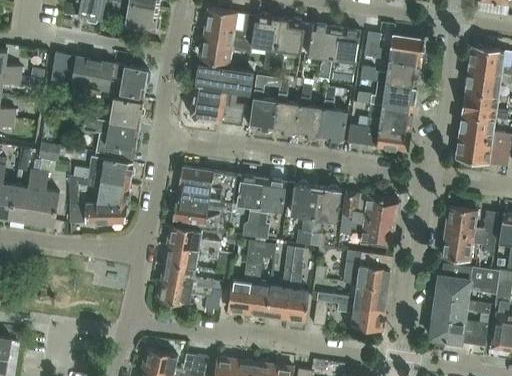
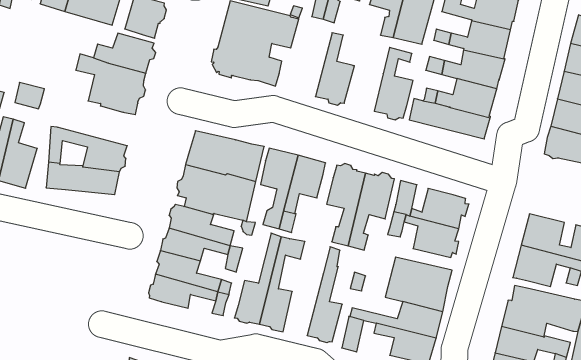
building: [249,73,281,133] -> none
building: [296,83,324,140] -> none
building: [74,156,135,184] -> none
building: [266,246,296,319] -> none

